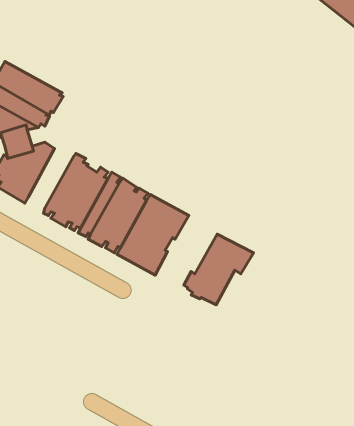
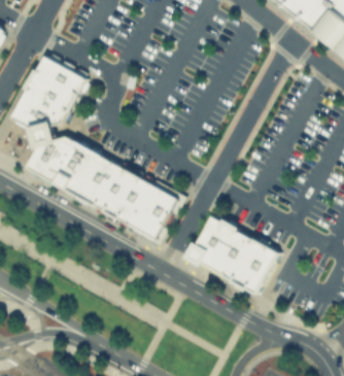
building: none -> [36,52,90,94]
building: none -> [54,138,91,192]
building: none -> [209,229,280,294]

